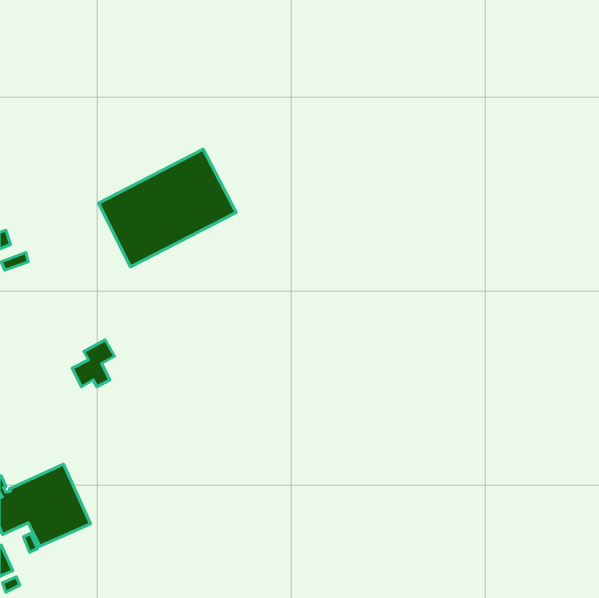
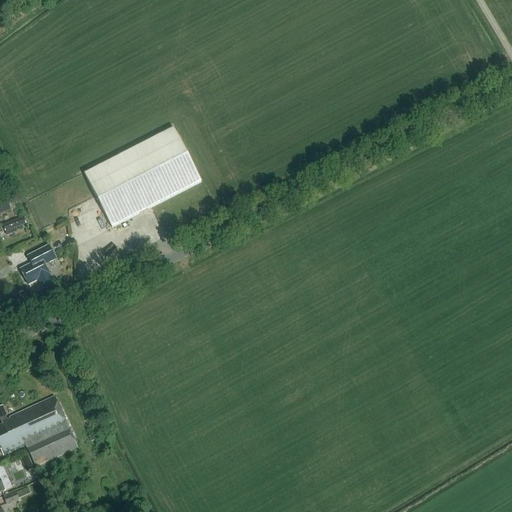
building: [72,340,114,387] -> [19,244,55,284]

